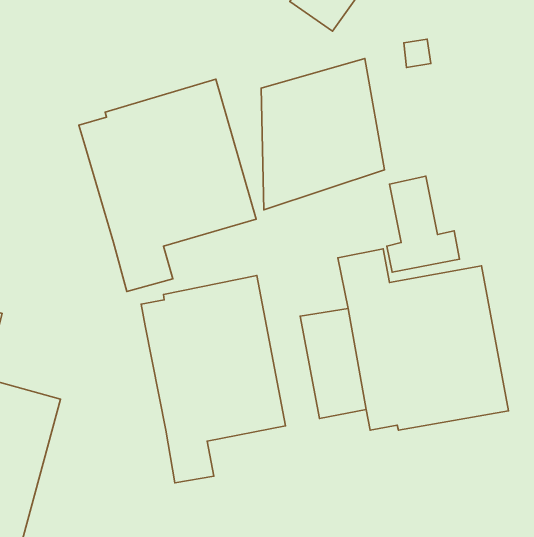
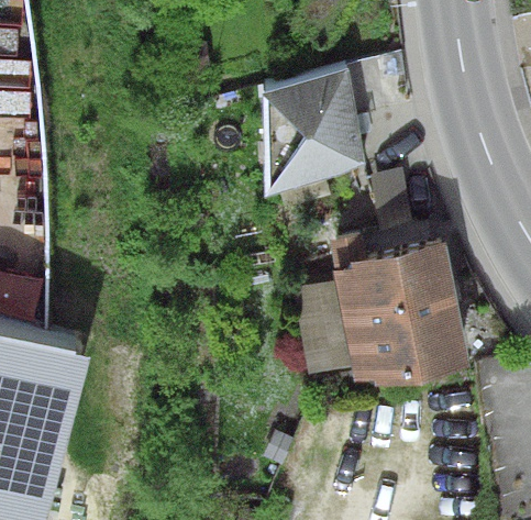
building: [79,79,256,292] -> none
building: [141,275,285,483] -> none

